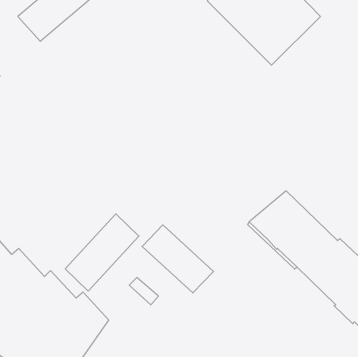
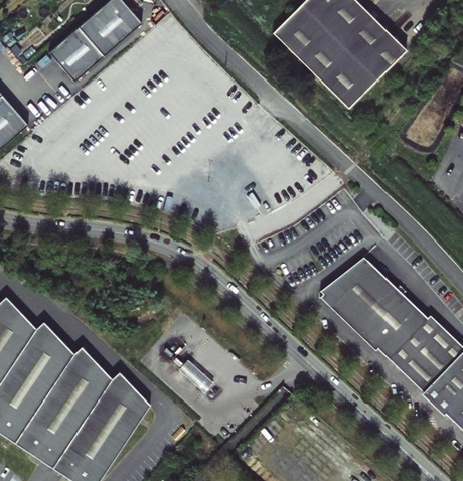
building: [65,214,139,291] -> none
building: [142,225,214,293] -> none

